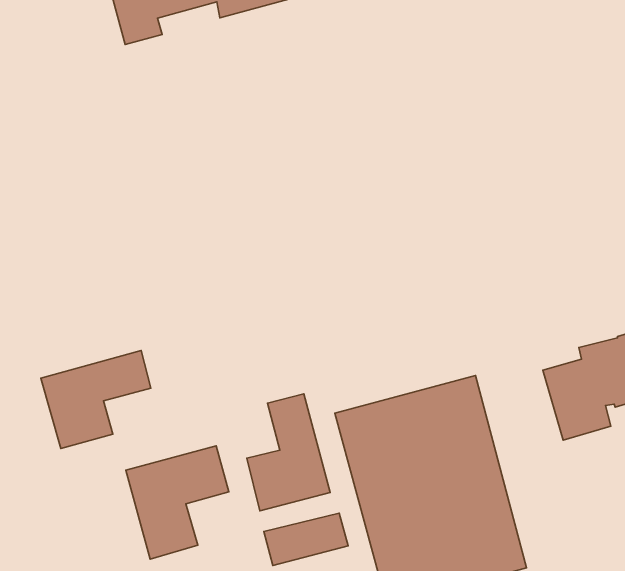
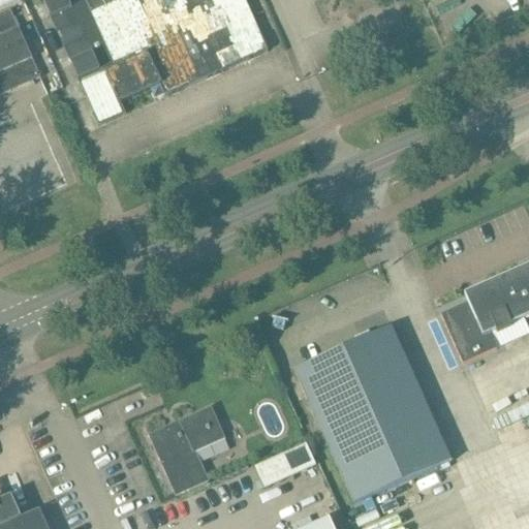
building: [41,351,151,449] -> none
building: [247,394,330,511] -> none

